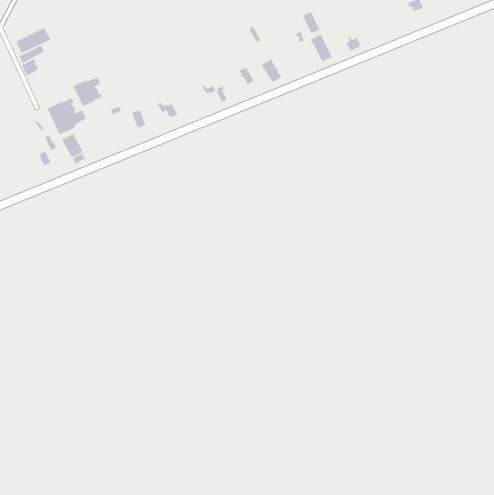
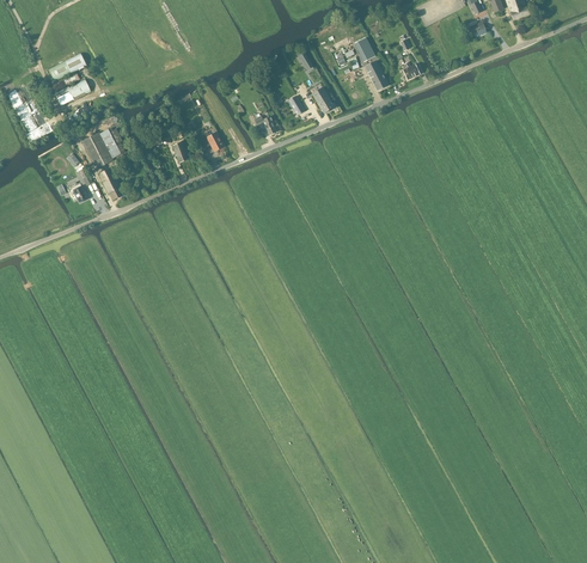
building: [73,77,103,107] -> none

